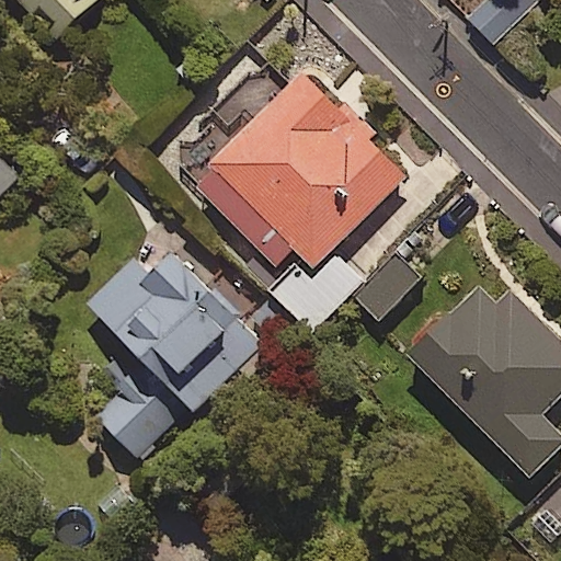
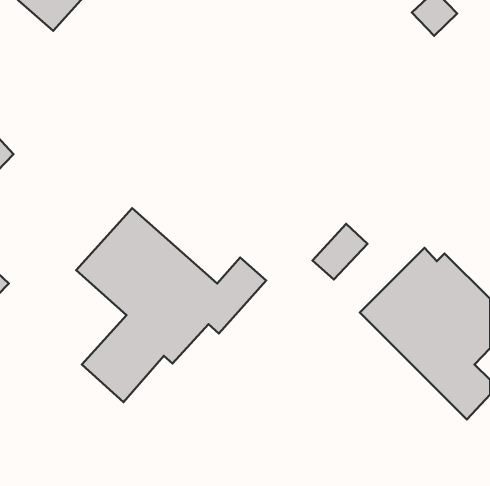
building: [192,70,407,268] -> none

